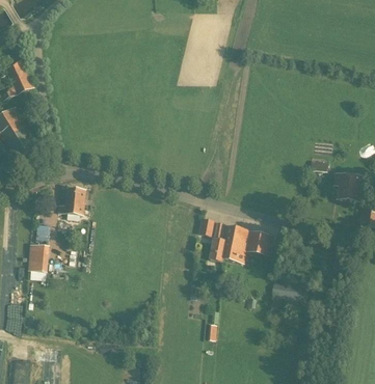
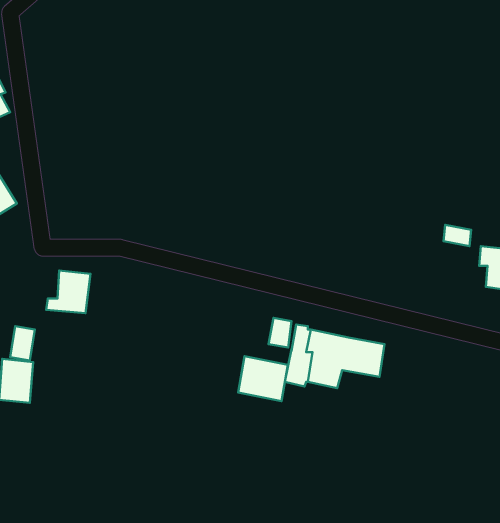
building: none -> [238,356,288,401]
building: [271,281,302,304] -> none

